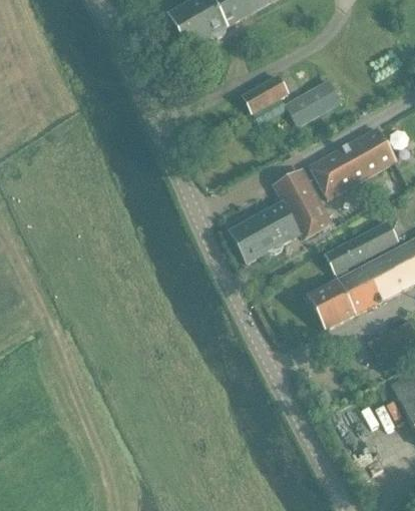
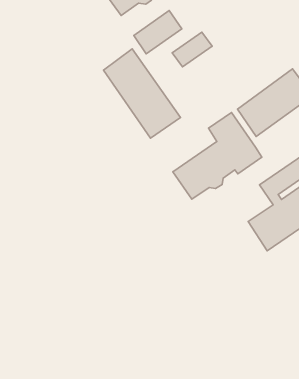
building: [287,80,342,126] -> [134,10,182,54]
building: none -> [103,49,180,138]

